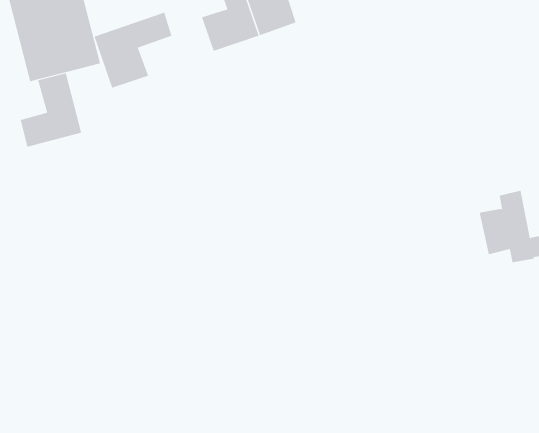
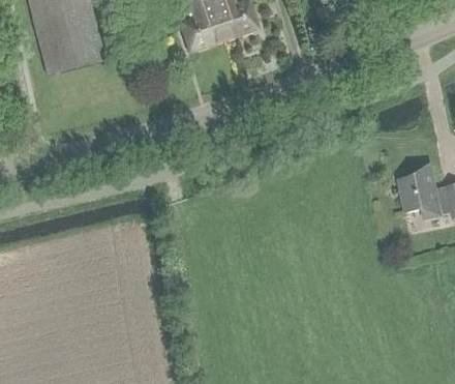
building: [94,12,172,89] -> none
building: [20,73,82,147] -> none

